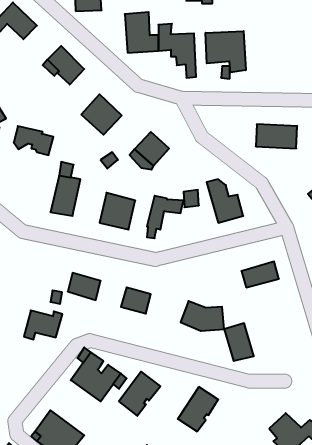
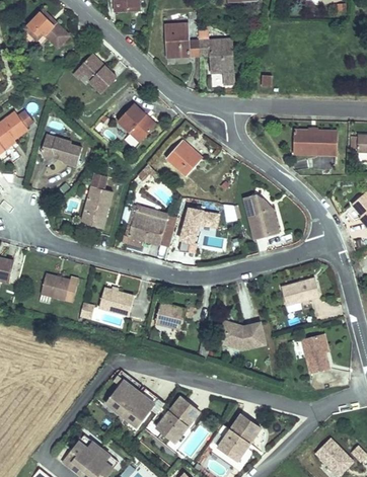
building: [206,31,246,72] -> none
building: [24,310,62,339] -> [41,274,81,305]
building: [224,323,254,361] -> [303,334,335,374]

